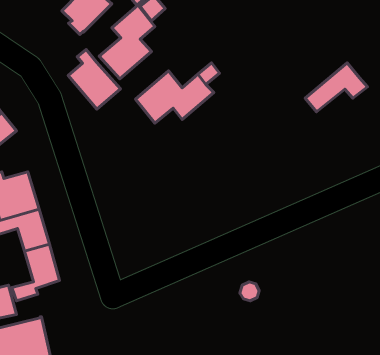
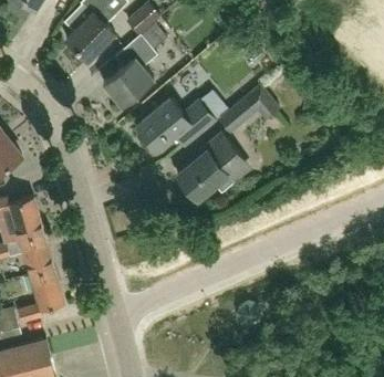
building: [68,49,121,109] -> none
building: [305,63,368,112] -> [219,85,280,133]
building: none -> [177,133,243,199]

